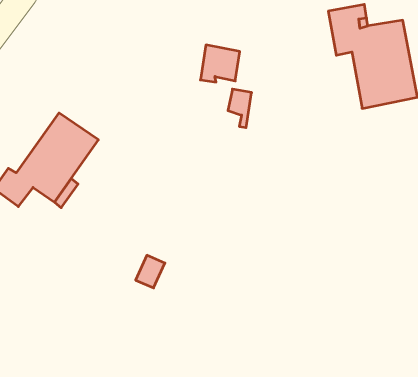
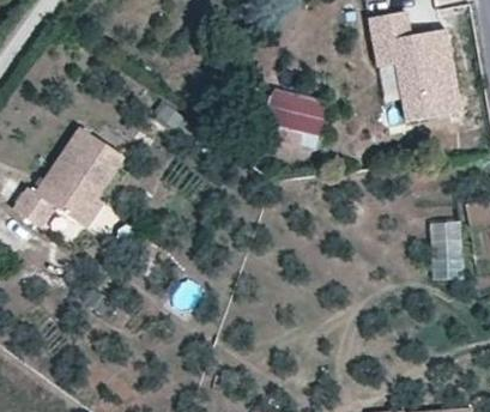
building: [200,45,240,82] -> [280,104,322,144]
building: none -> [422,217,456,277]

